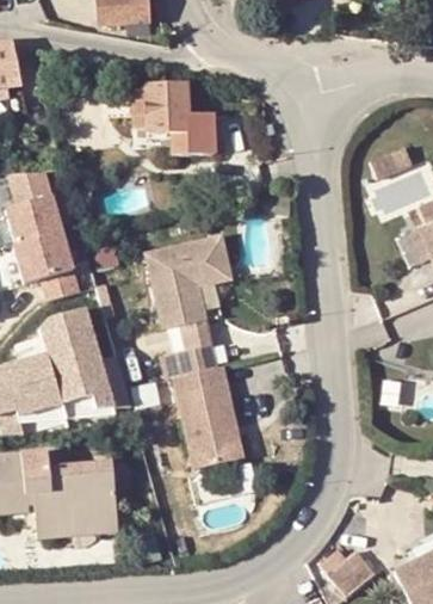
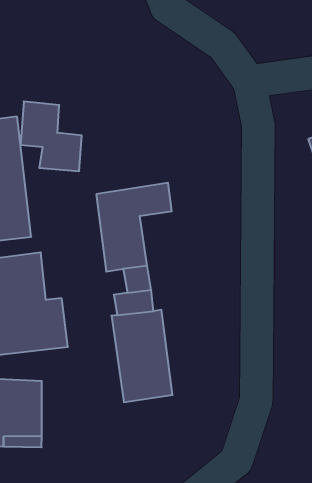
building: [146,84,212,153] -> [20,101,82,171]
building: [192,258,230,319] -> none

